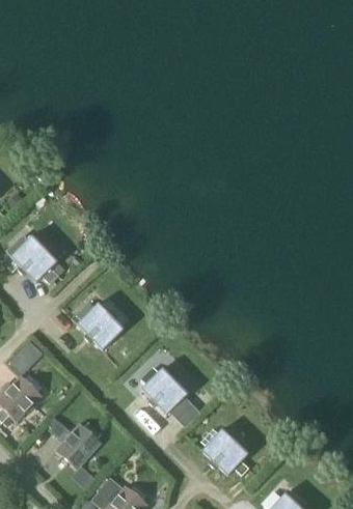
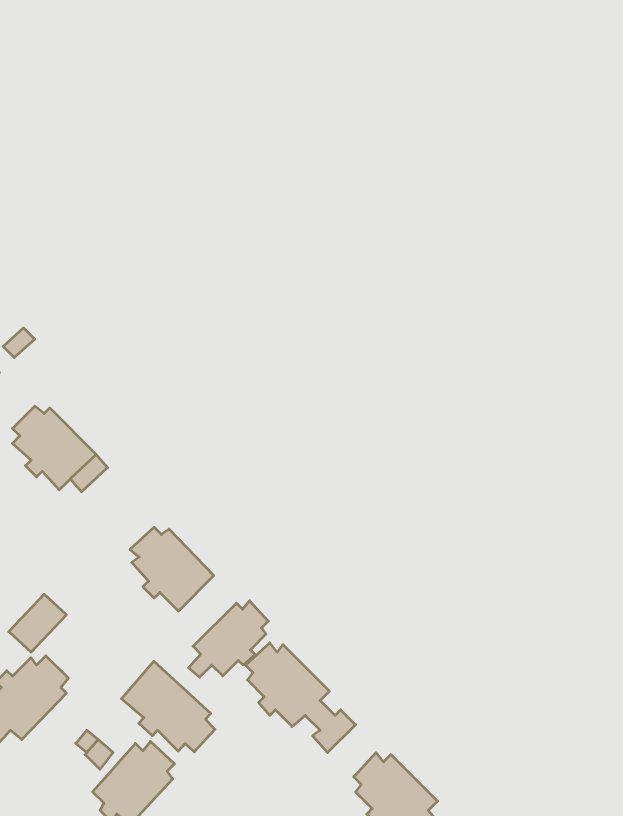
building: none -> [189,601,268,677]
building: none -> [121,661,215,752]

